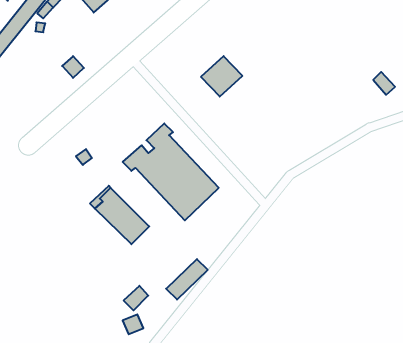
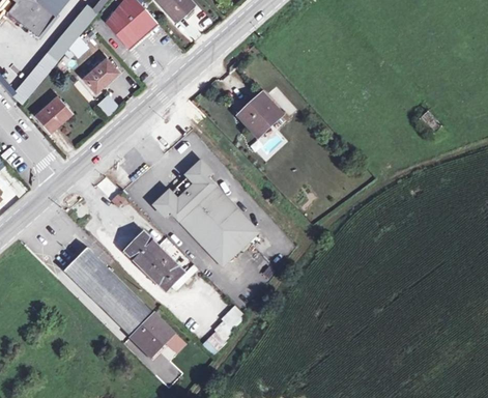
building: none -> [82,59,117,92]
building: none -> [35,97,70,133]
building: none -> [67,249,174,356]

